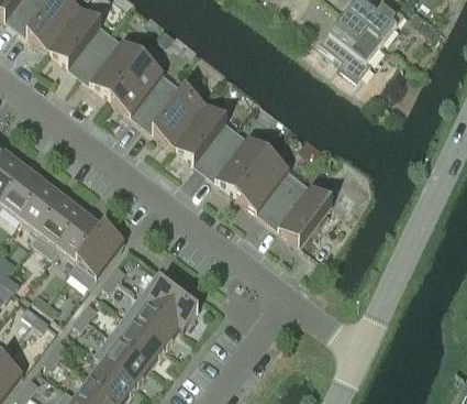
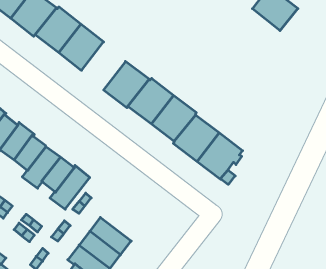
building: [319,13,380,81] -> none
building: [111,58,171,123] -> none
building: [137,269,197,330] -> none

